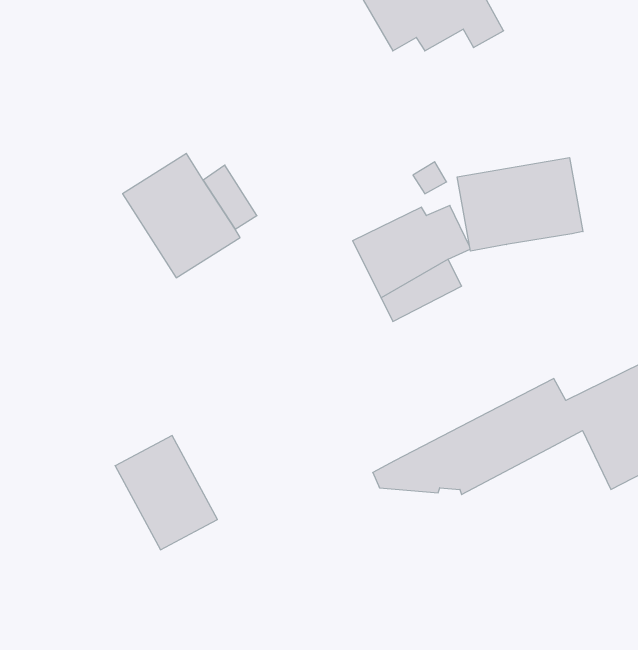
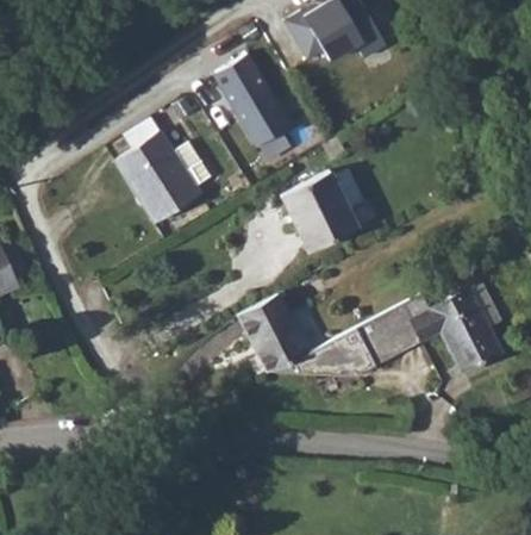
building: none -> [215,57,292,151]
building: [457,158,583,251] -> none
building: [115,436,217,550] -> [236,292,308,373]

